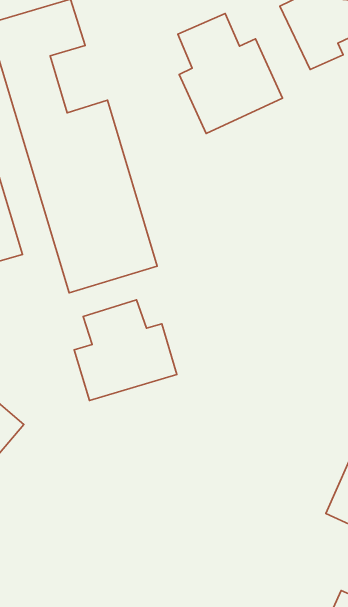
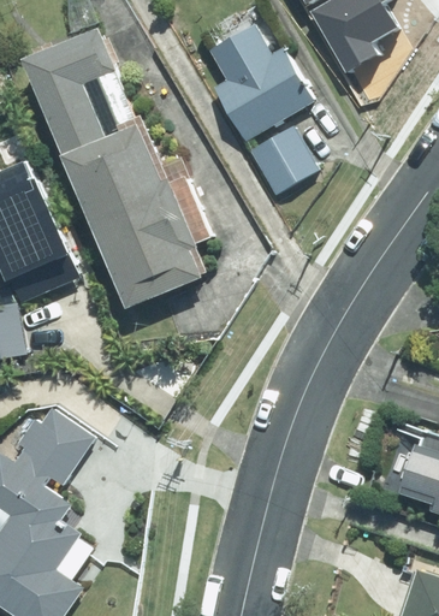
building: none -> [245,126,316,196]
building: [74,300,177,401] -> none

